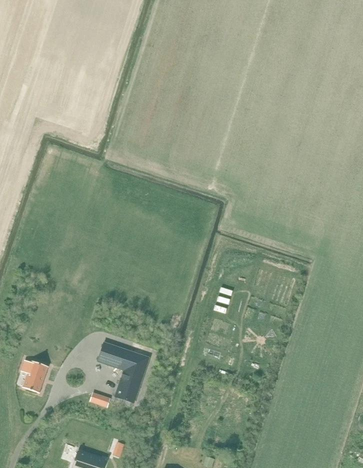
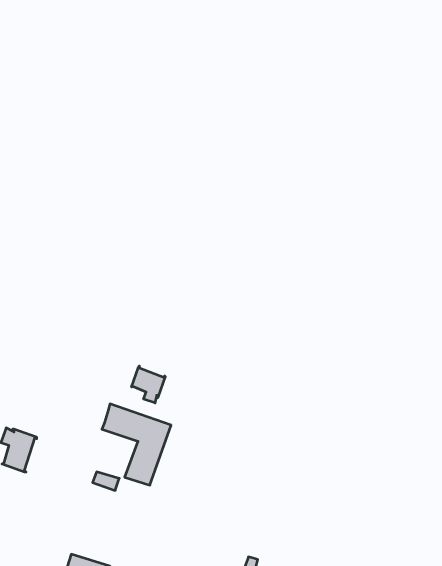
building: none -> [132,366,165,403]

